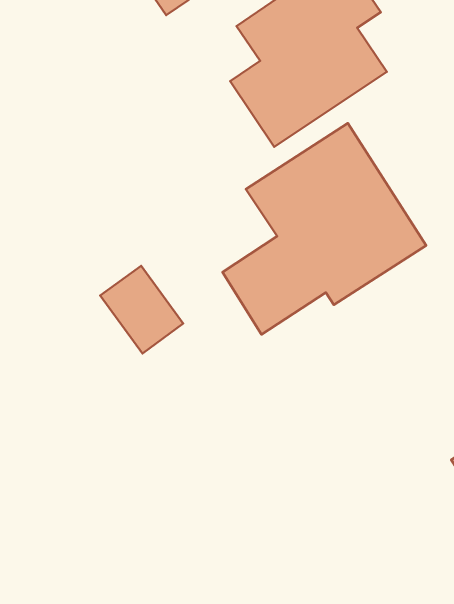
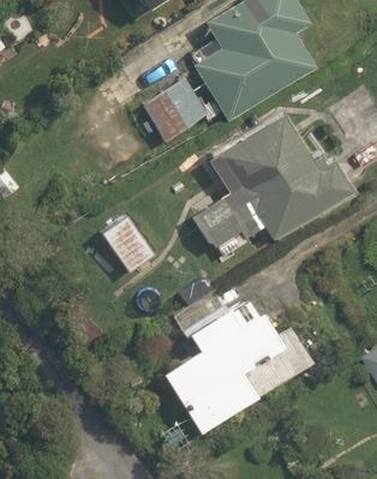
building: none -> [138,72,209,142]
building: none -> [161,287,310,431]

